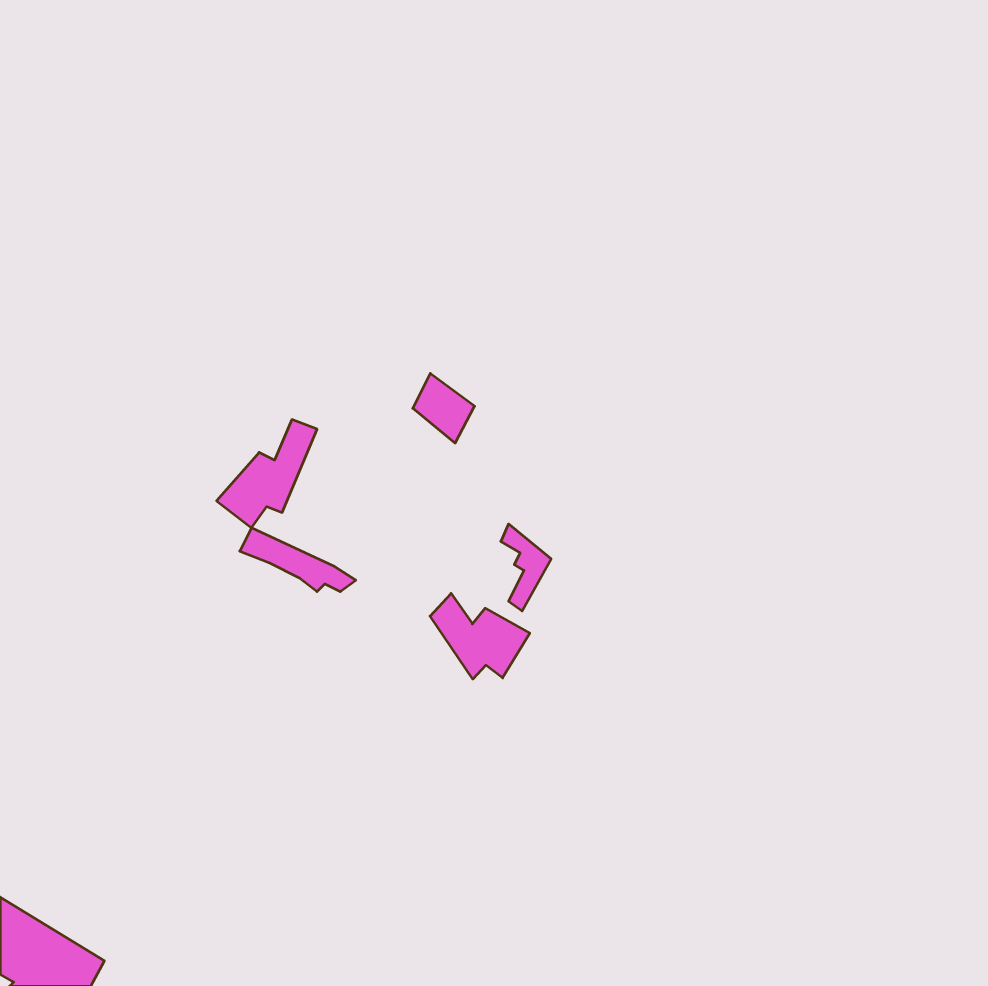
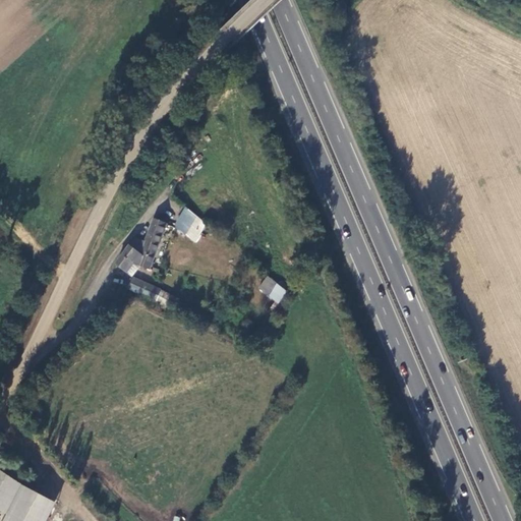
building: [413,373,475,443] -> [173,204,206,240]
building: [430,593,530,679] -> none

